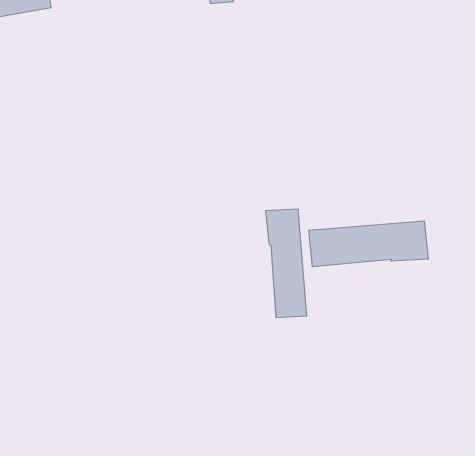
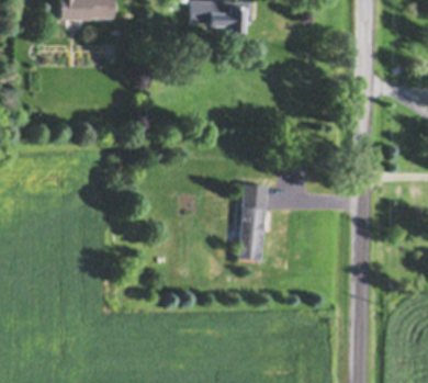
building: [309,221,428,267] -> none

